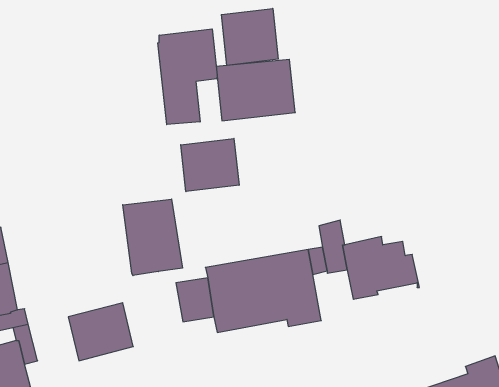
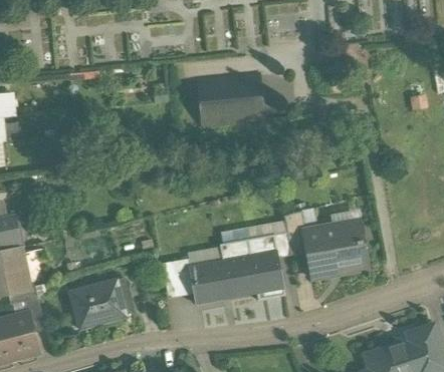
building: [221,8,278,65] -> none
building: [158,29,217,125] -> none
building: [181,138,239,192] -> none
building: [123,199,182,276] -> none

